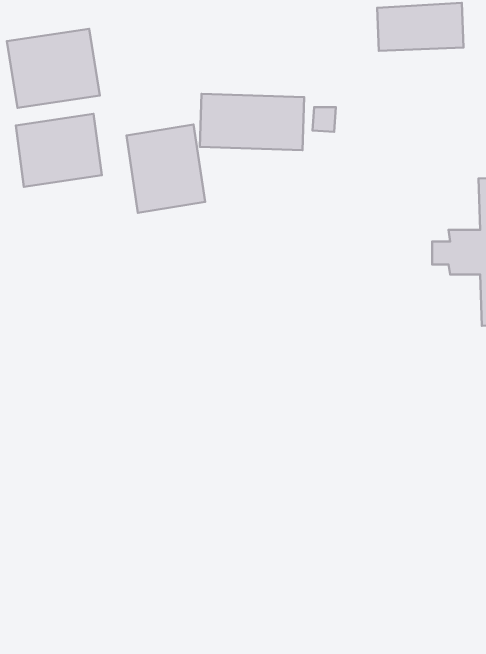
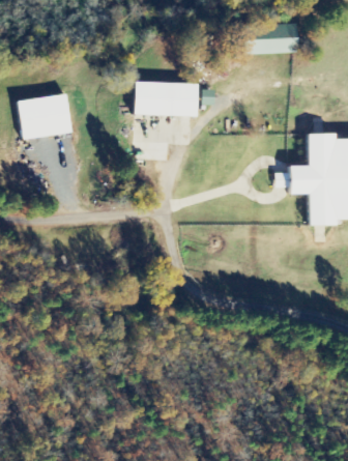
building: [7,29,100,108] -> none
building: [126,125,205,213] -> none

